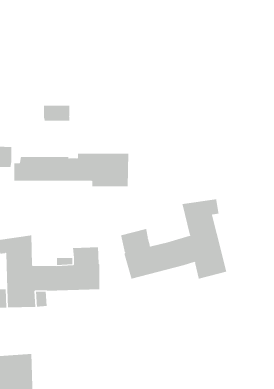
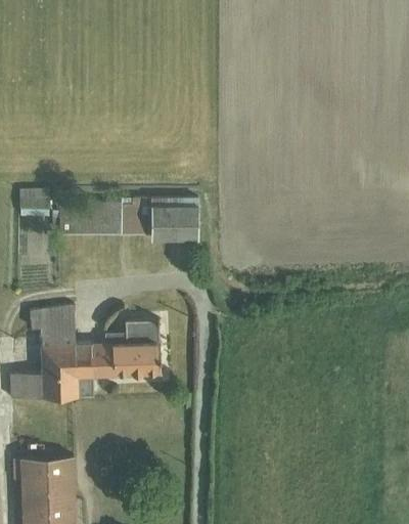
building: [43,105,70,122] -> none
building: [120,199,227,280] -> none

